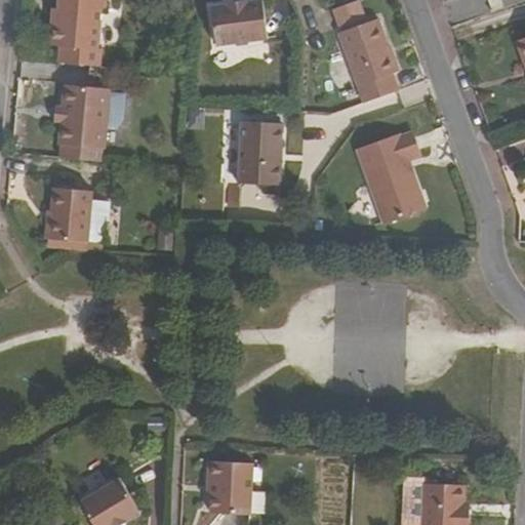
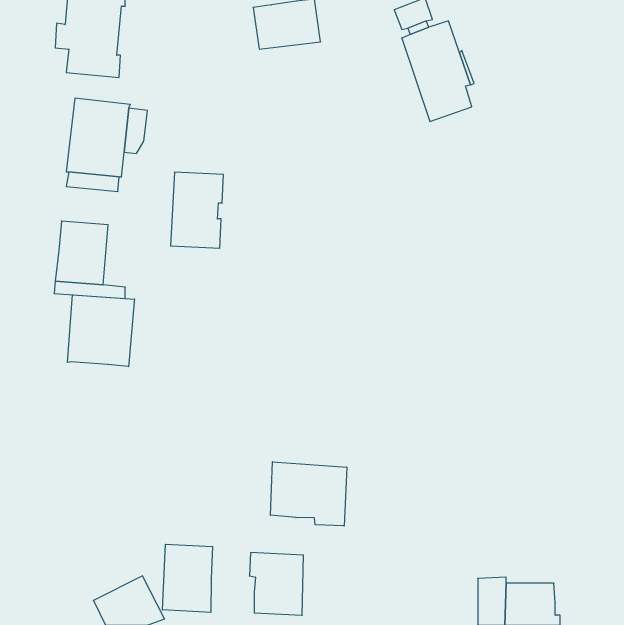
building: [239,119,283,183] -> [171,172,223,248]
building: [356,132,425,226] -> none
building: none -> [68,295,134,367]
building: none -> [270,462,347,526]
building: none -> [162,544,213,612]

